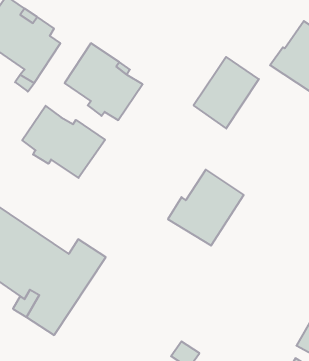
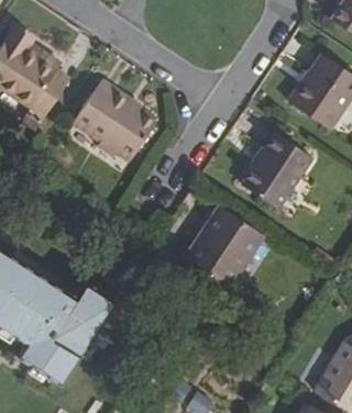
building: [194,57,259,129] -> [242,133,310,208]
building: [22,106,105,178] -> none

